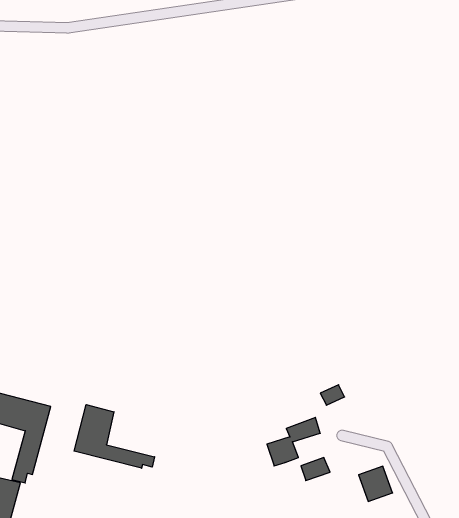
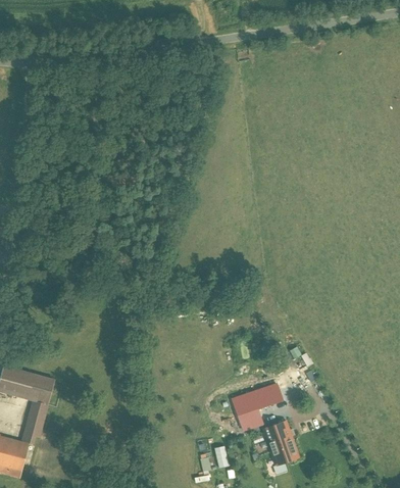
building: [74,405,155,468] -> none
building: [359,466,393,501] -> [269,433,298,462]

